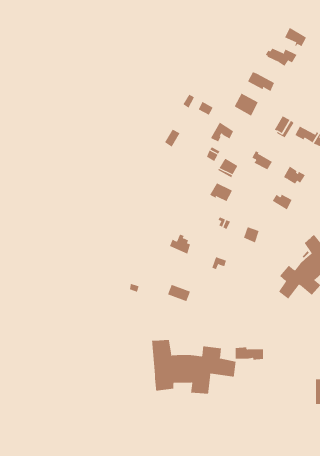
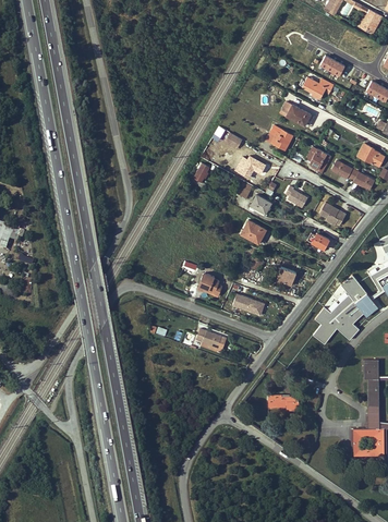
building: [151,339,236,395] -> none

